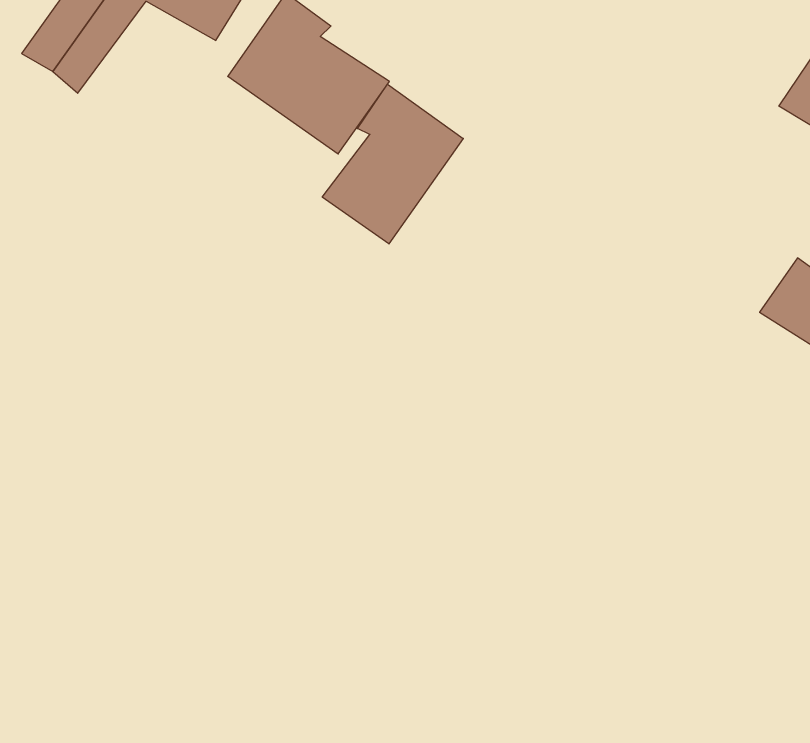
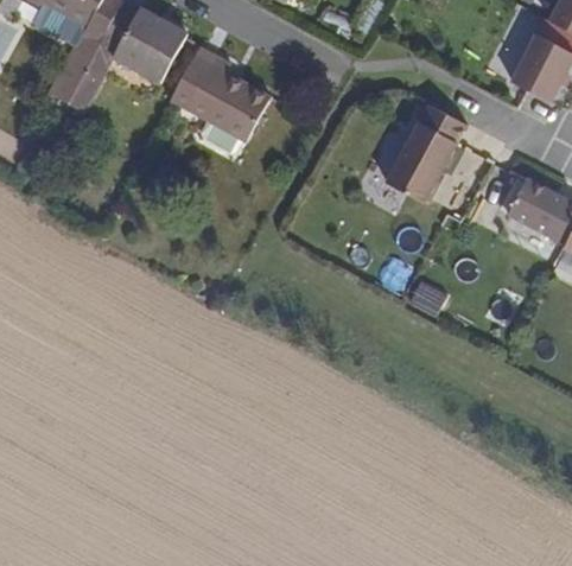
building: [322,84,463,244] -> none
building: none -> [387,107,470,204]

